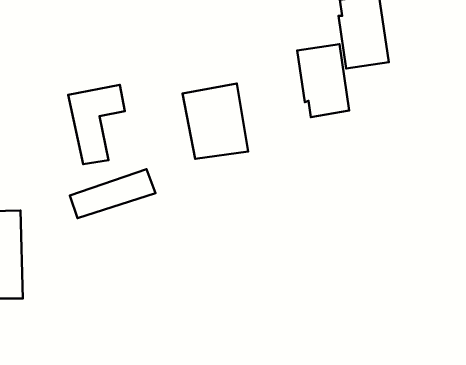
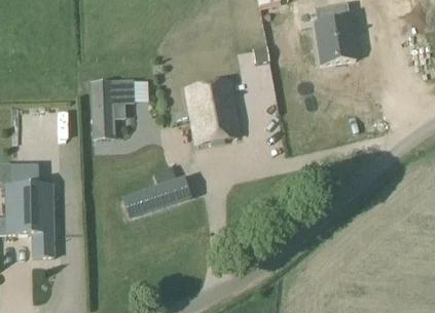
building: [297,44,349,117] -> none
building: [70,169,155,218] -> [121,174,191,214]

